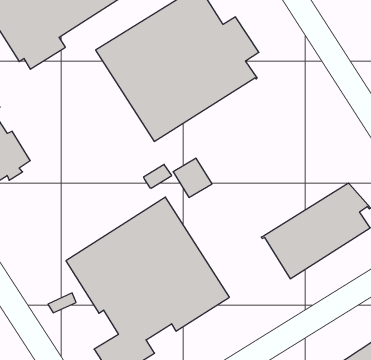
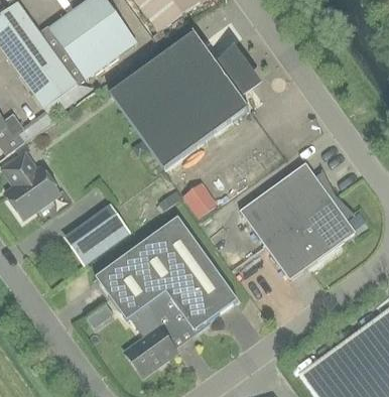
building: none -> [240,162,335,244]
building: none -> [55,200,125,265]

